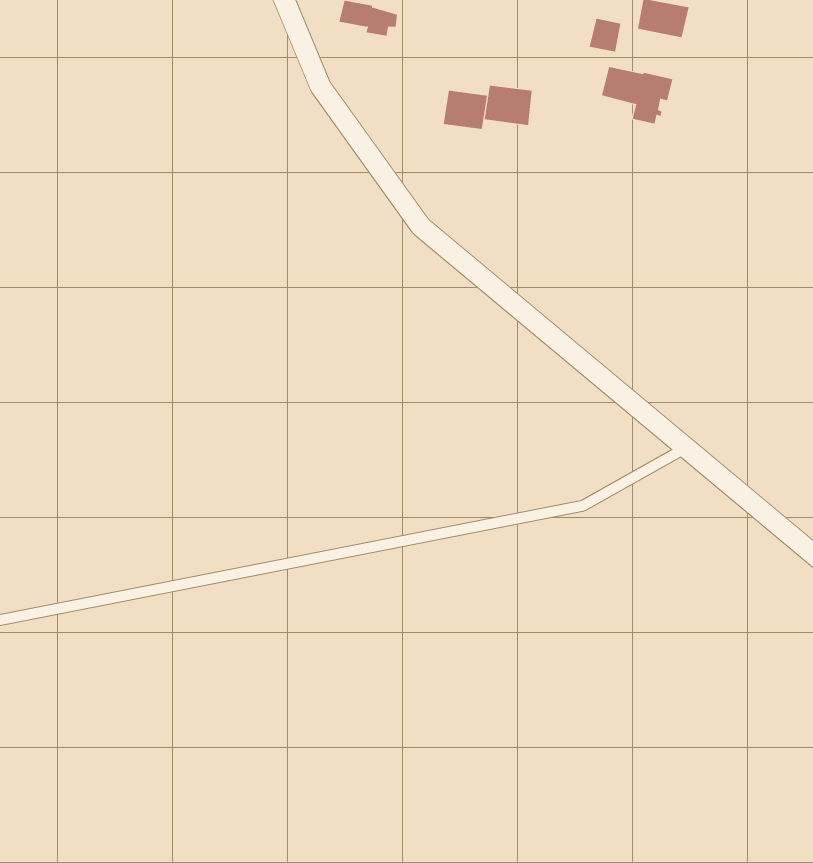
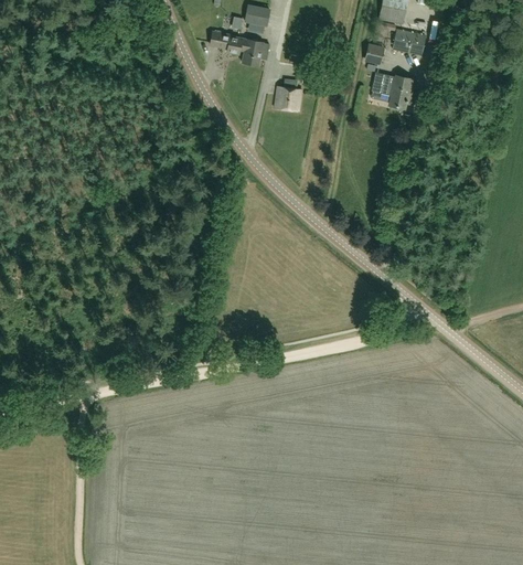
building: none -> [242,39,269,65]
building: [484,85,532,126] -> none

